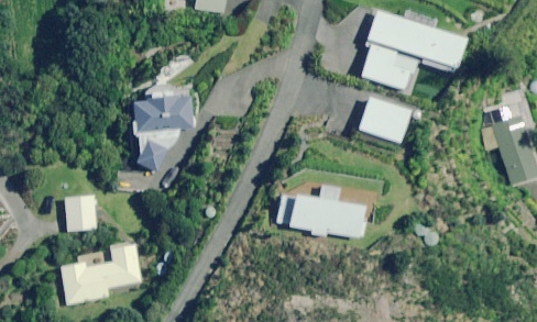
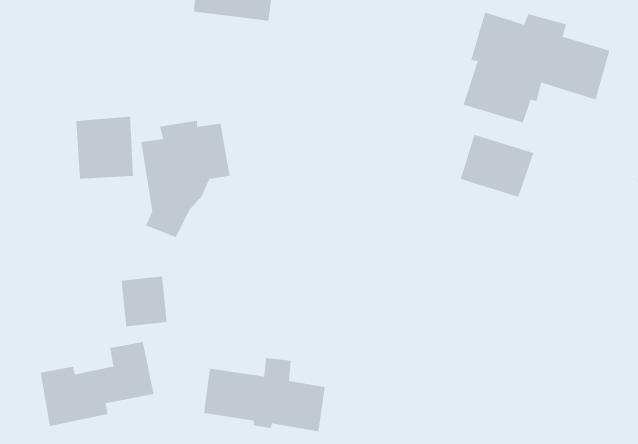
building: none -> [76,116,134,179]
building: [277,186,364,238] -> [203,357,326,432]
building: [65,196,98,232] -> [121,276,167,327]

